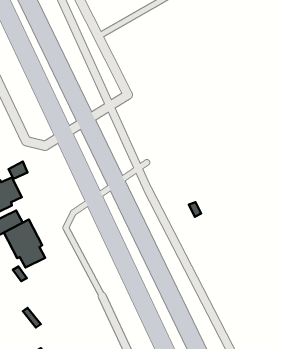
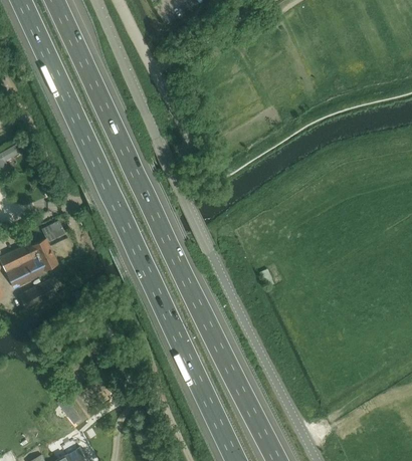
building: [4,220,45,268] -> none

